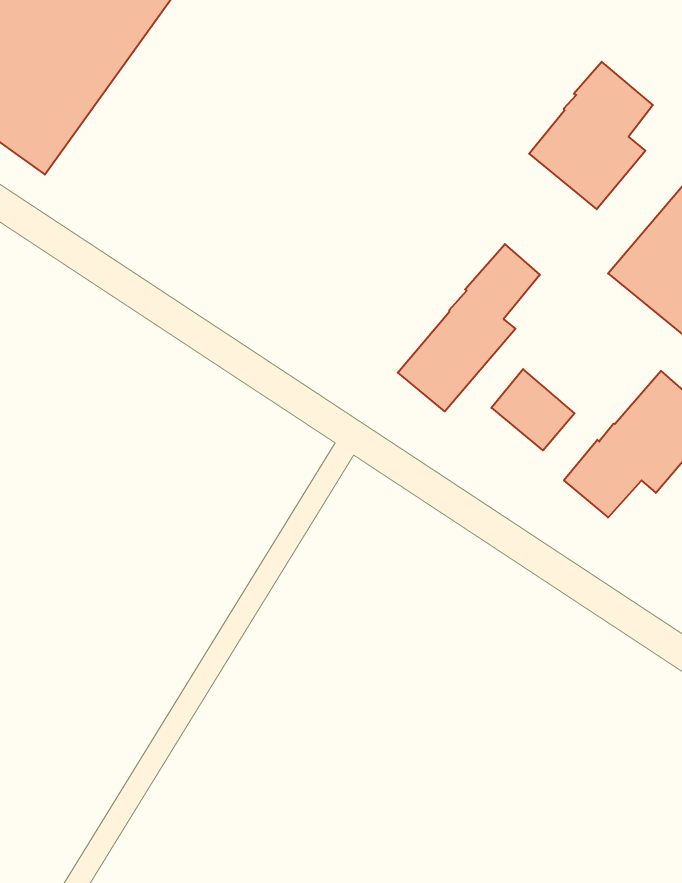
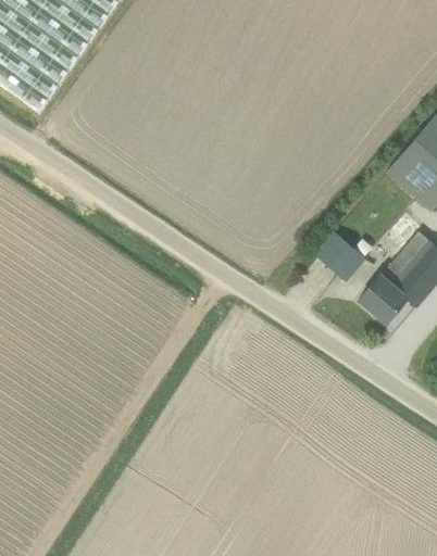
building: [529,62,653,209] -> none
building: [398,244,540,411] -> none

